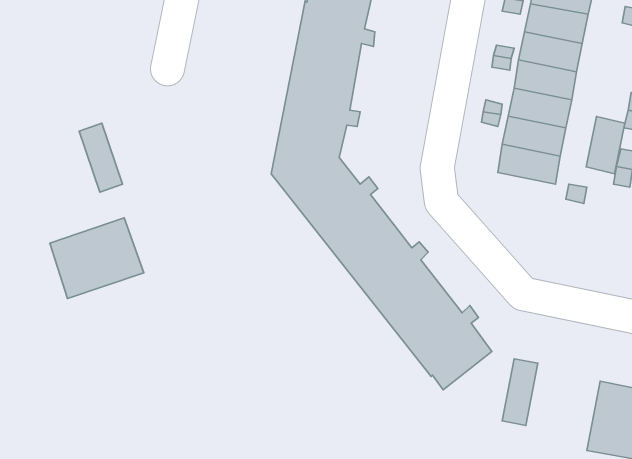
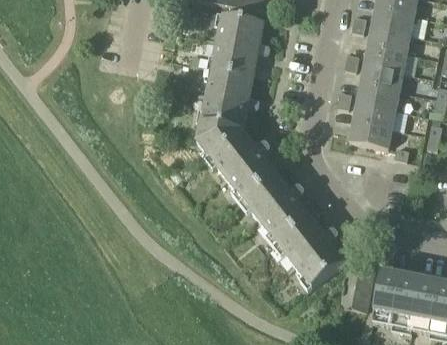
building: [586,116,625,174] -> none
building: [79,123,122,192] -> none
building: [50,218,144,298] -> none
building: none -> [371,272,418,326]

